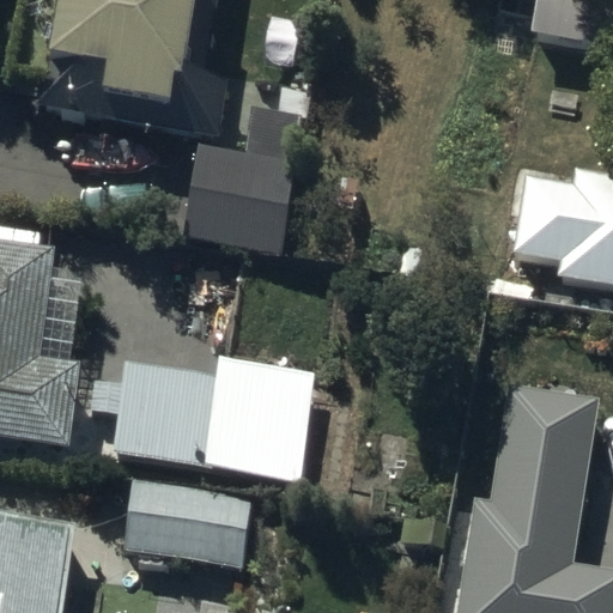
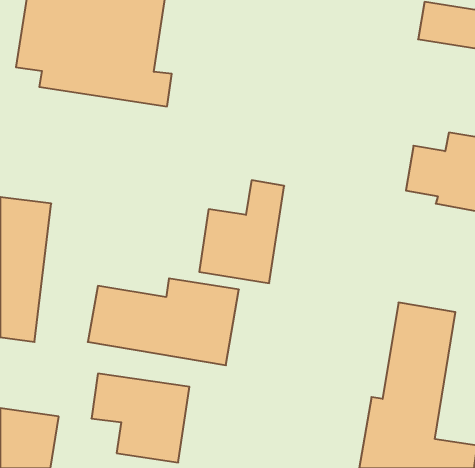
building: [187,120,296,251] -> [199,180,284,283]

